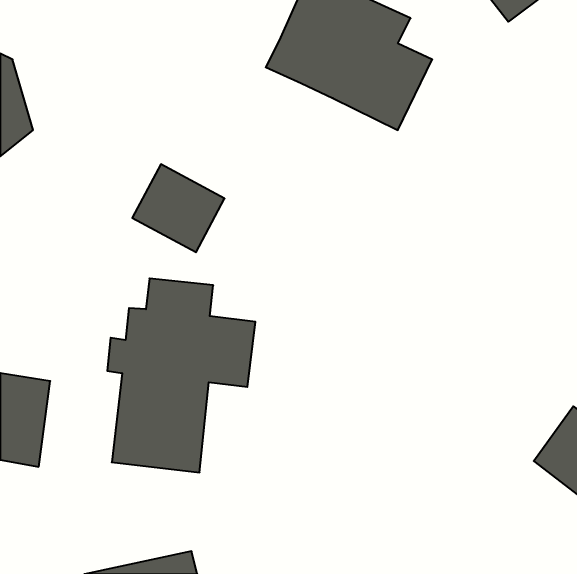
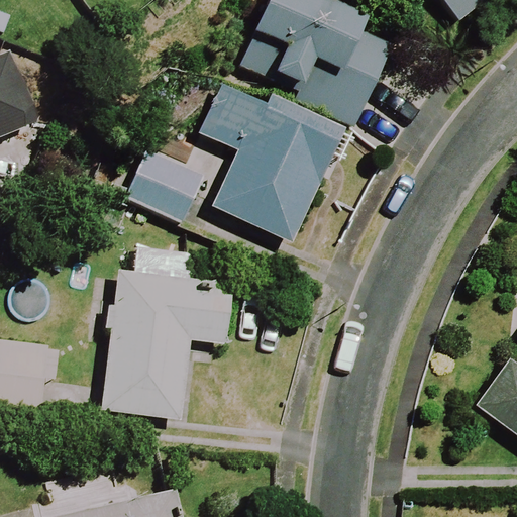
building: none -> [211,96,351,242]

